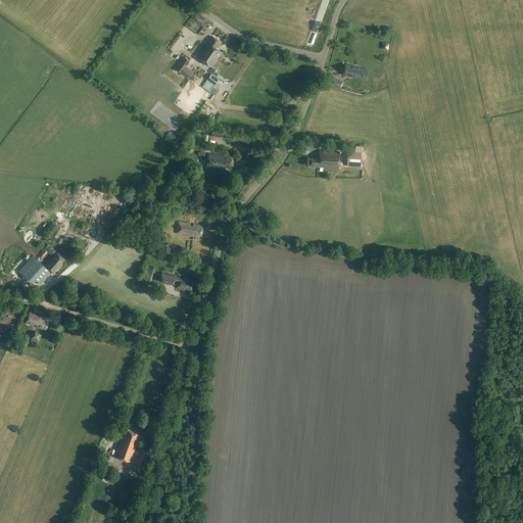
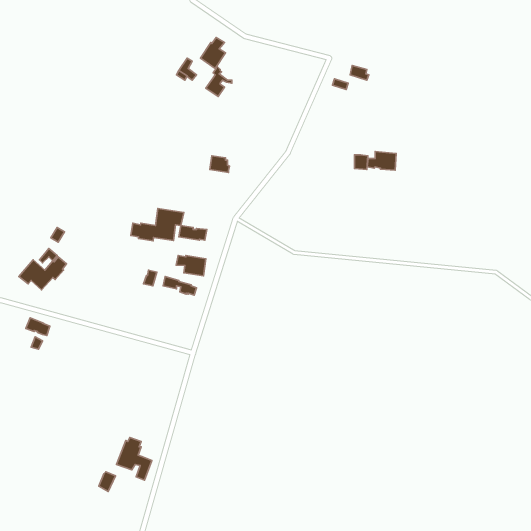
building: [311,150,339,169] -> [367,151,396,170]
building: none -> [131,209,184,241]
building: none -> [176,255,206,276]

